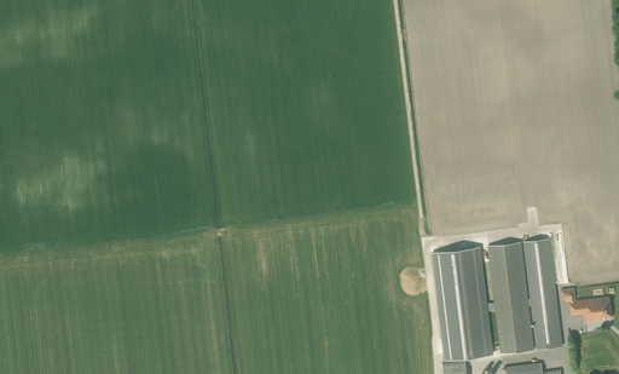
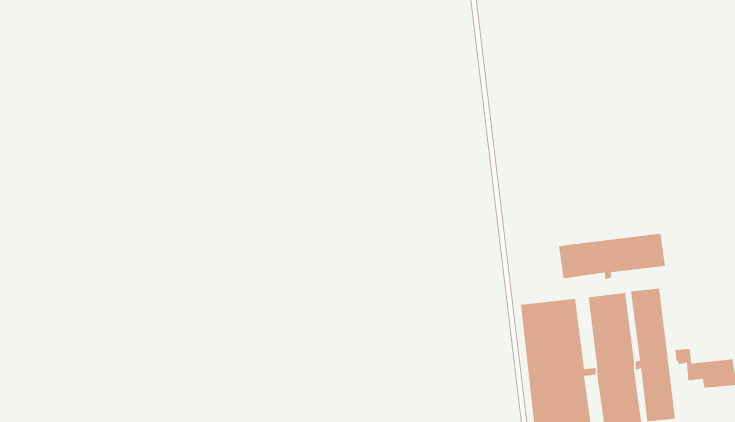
building: none -> [558,233,666,280]

